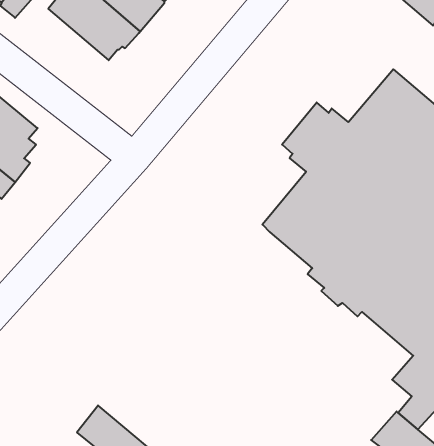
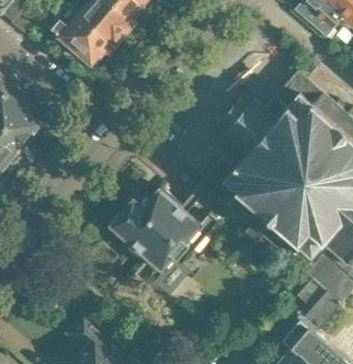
building: none -> [107,183,218,273]

